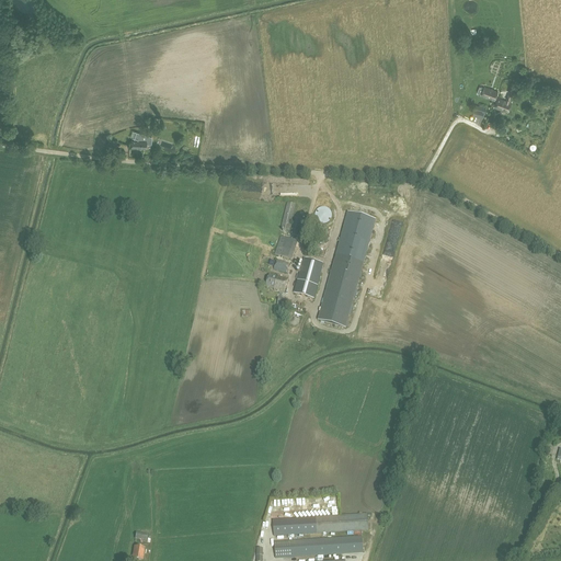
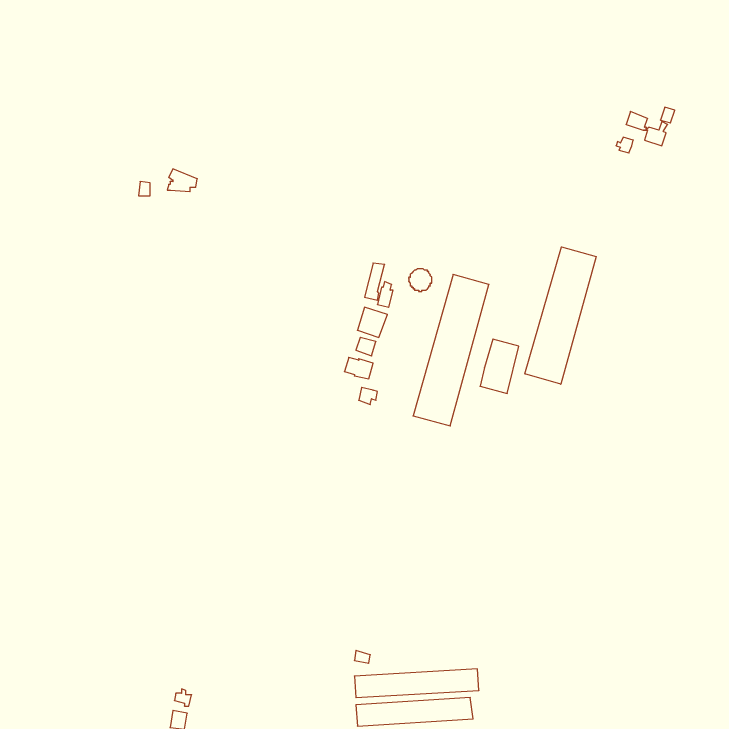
building: none -> [525,247,596,384]
building: [293,256,322,298] -> [480,339,519,393]

